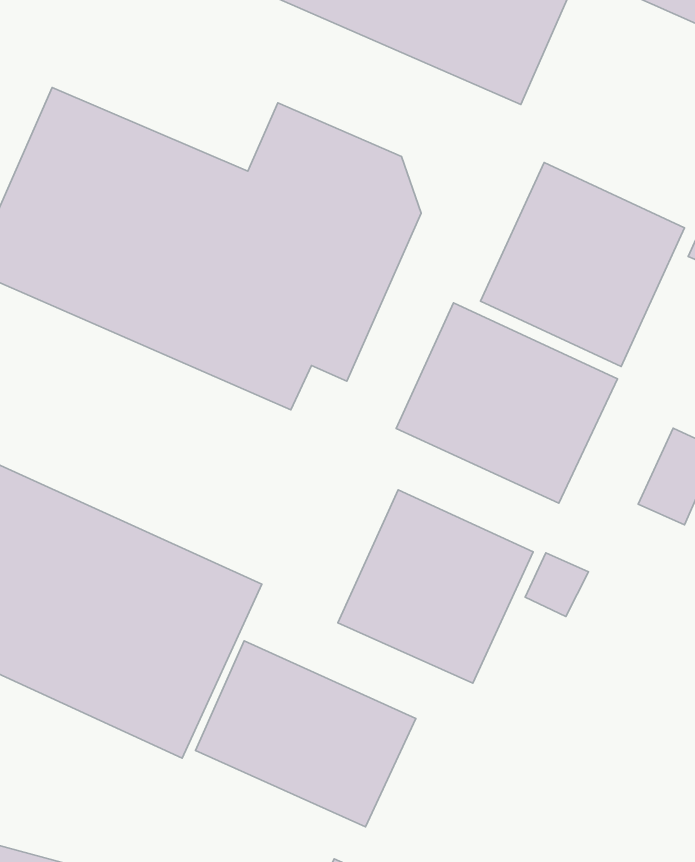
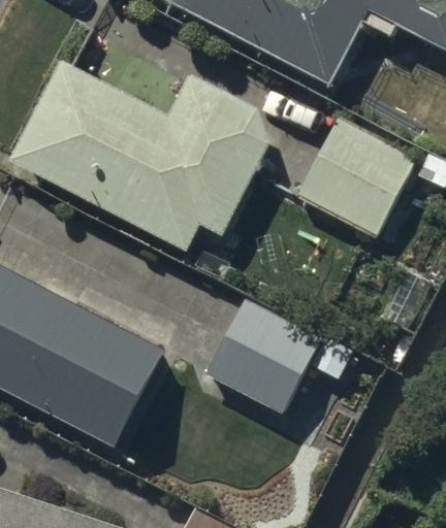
building: [396,303,618,503] -> none
building: [195,641,416,827] -> none

